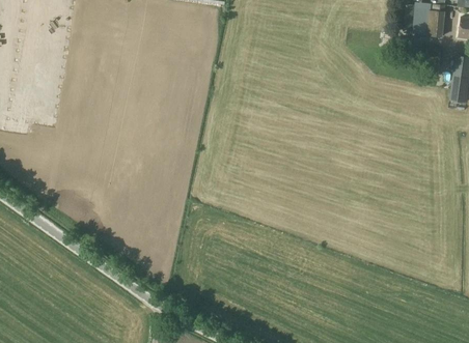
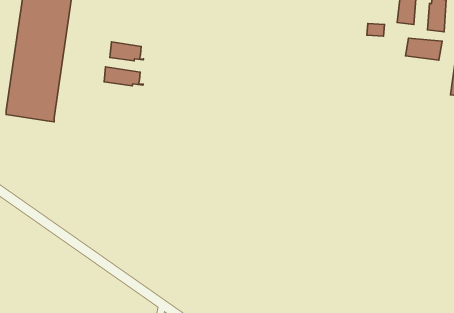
building: none -> [110,42,144,61]
building: none -> [104,67,143,86]

